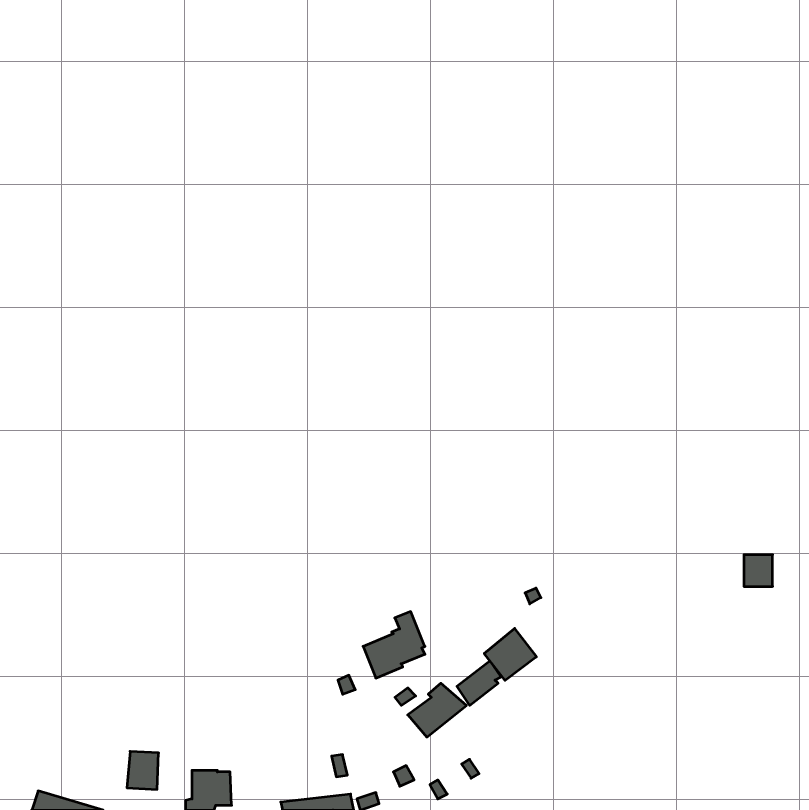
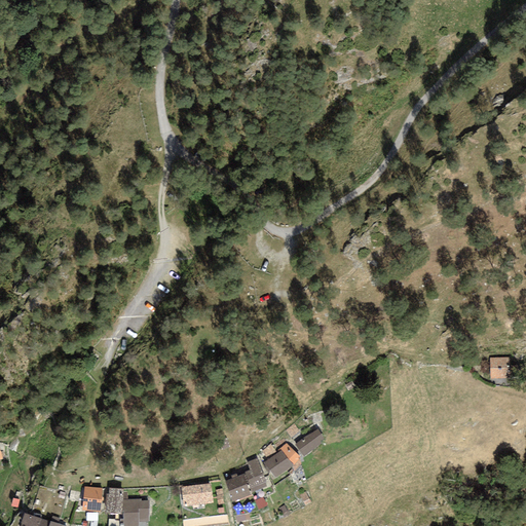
building: [363,612,425,678] -> [226,458,266,501]
building: [484,628,536,680] -> none
building: none -> [183,483,214,506]
building: none -> [106,488,124,513]

